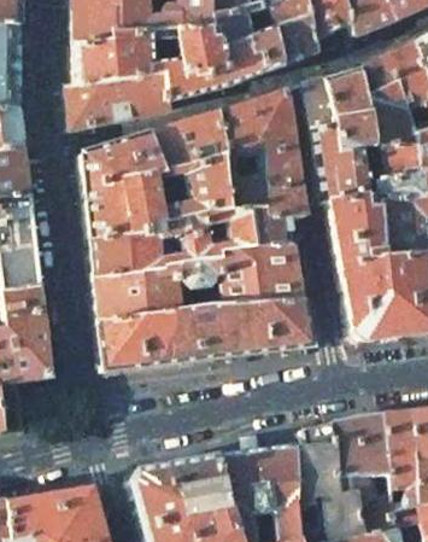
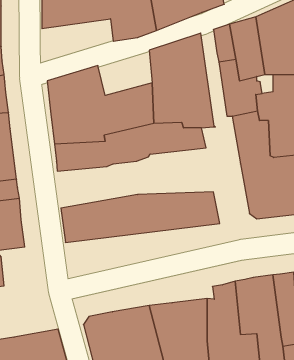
building: [68,70,171,129] -> none
building: [149,112,222,173] -> none
building: [95,243,304,324] -> none

